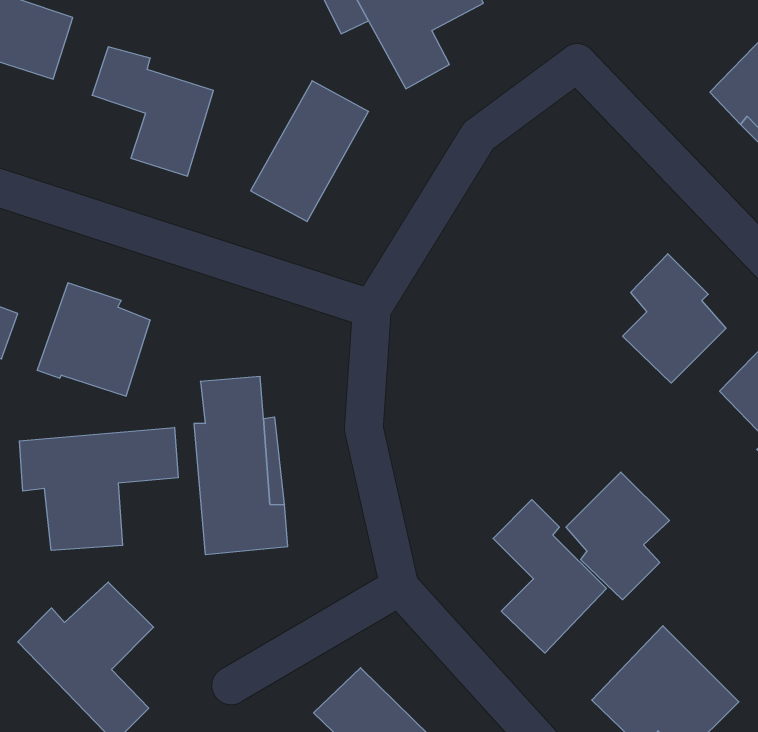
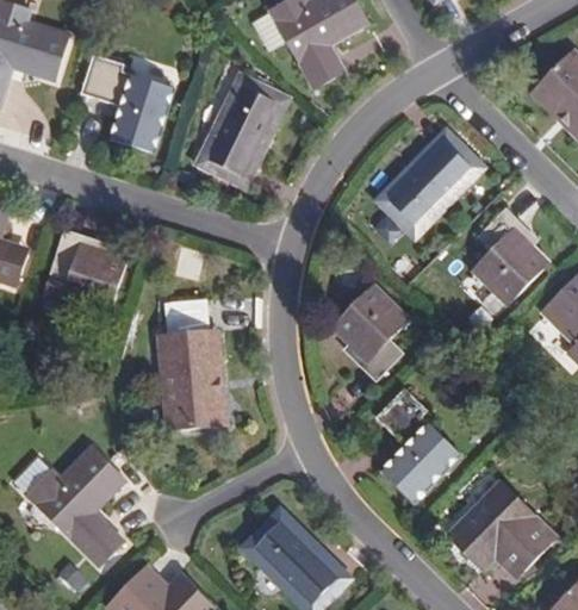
building: none -> [380,131,479,231]
building: [19,427,178,550] -> none
building: [566,472,669,600] -> [331,285,408,379]

